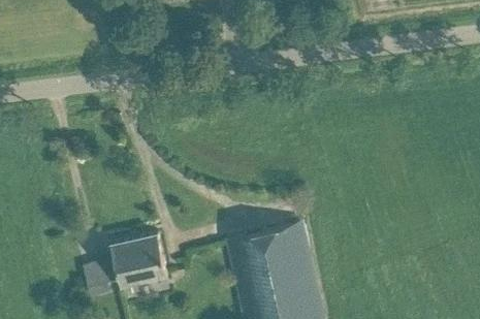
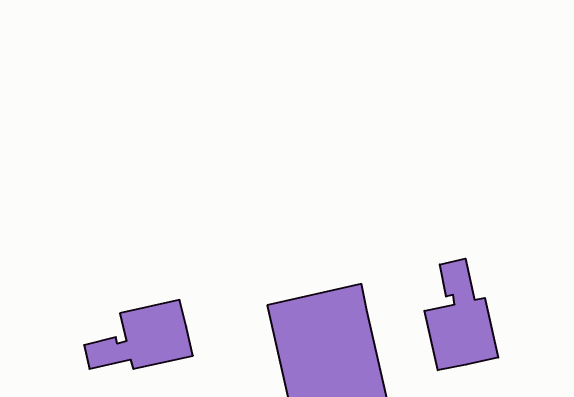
building: none -> [424,259,498,370]

